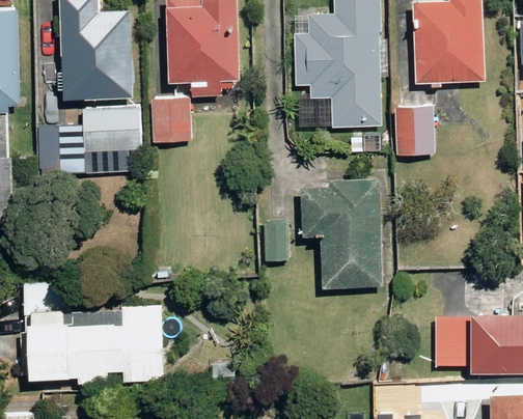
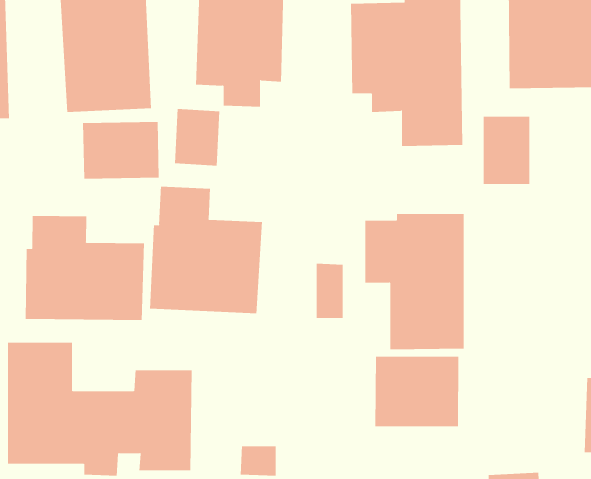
building: none -> [149,186,262,314]
building: none -> [25,215,144,321]
building: none -> [375,356,459,427]
building: [431,316,468,369] -> none

